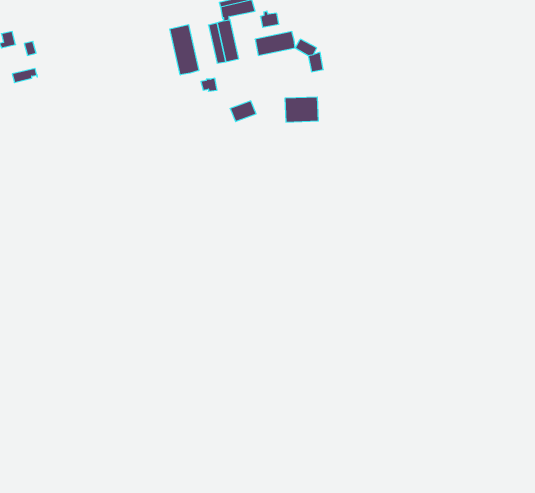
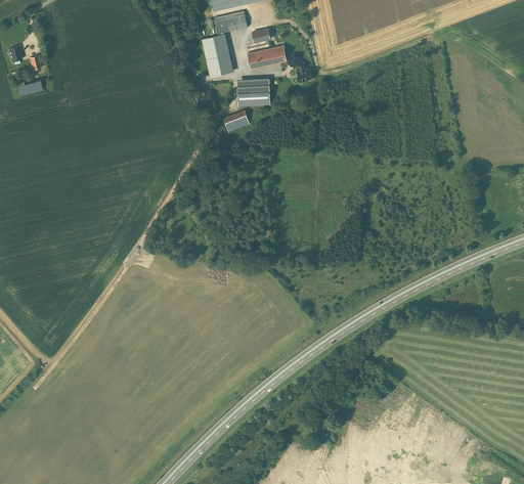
building: [170,25,199,75] -> none
building: [285,97,318,122] -> [237,81,269,104]

